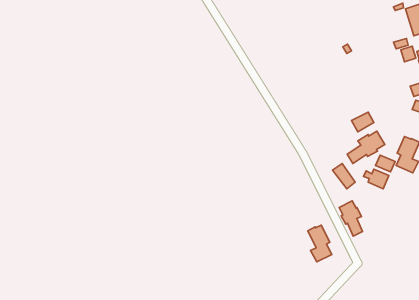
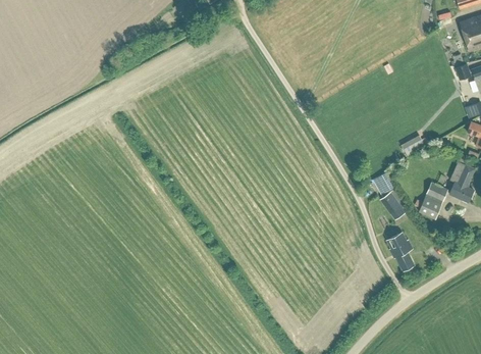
building: [347,131,385,164] -> none
building: [308,225,332,262] -> none

